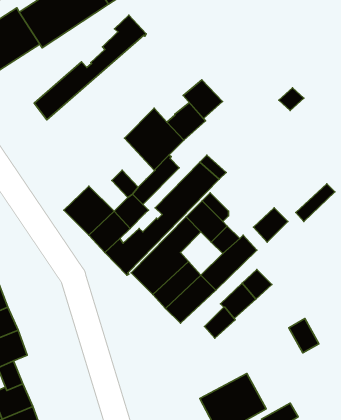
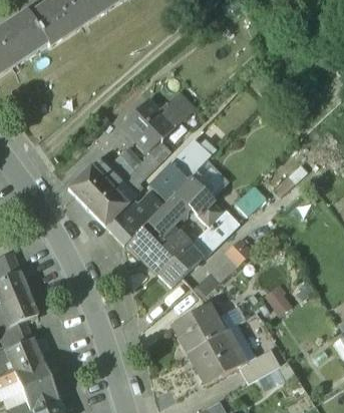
building: [34,15,146,120] -> none
building: [183,80,222,118] -> none
building: none -> [91,154,125,188]
building: none -> [173,305,224,354]

